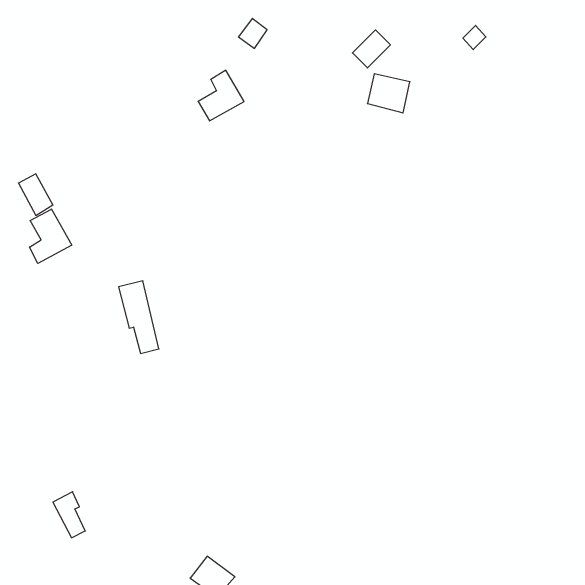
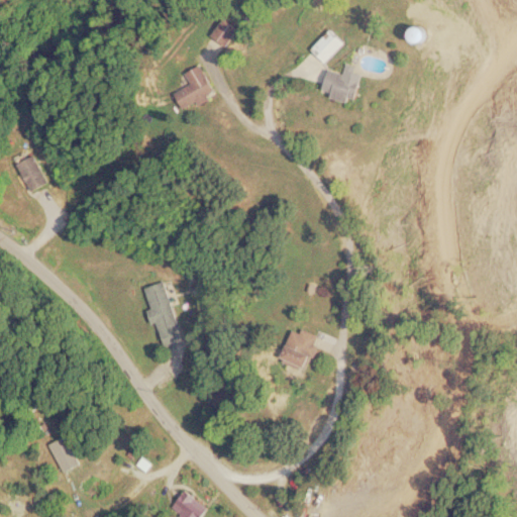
building: [29,209,72,263] -> none
building: [119,281,159,353] -> [143,283,179,346]
building: none -> [283,329,315,368]

